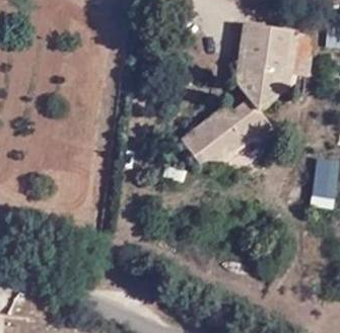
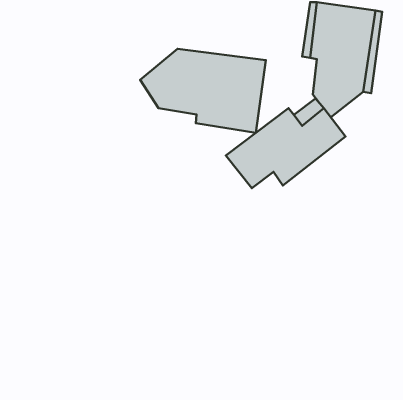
building: none -> [140,49,266,133]

